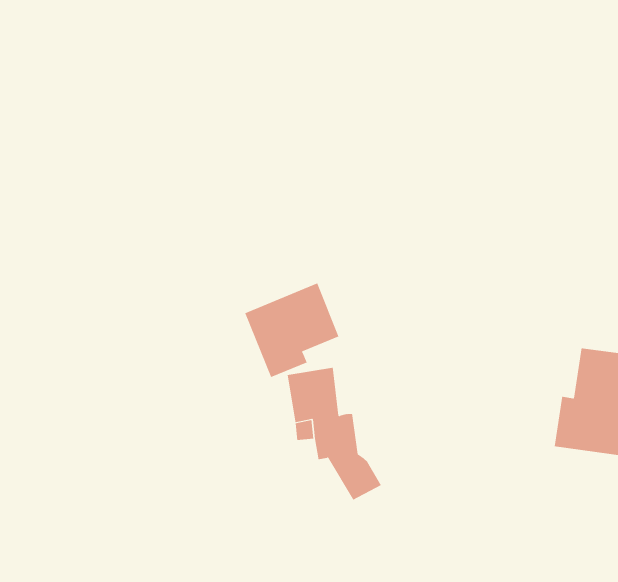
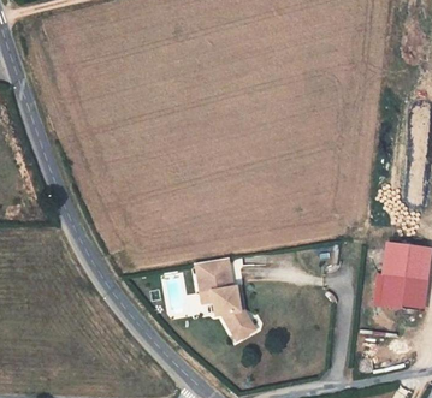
building: [245,283,339,378] -> none

